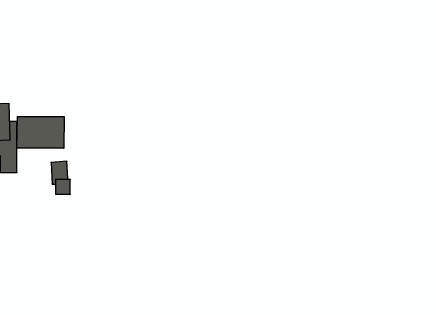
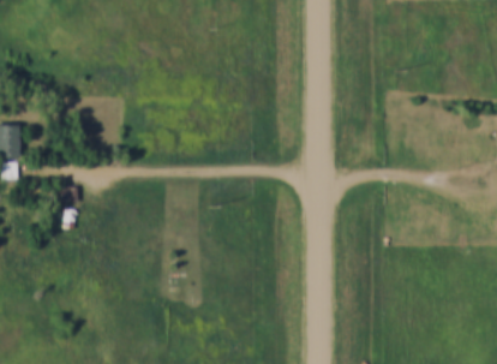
building: [17,117,64,148] -> none

